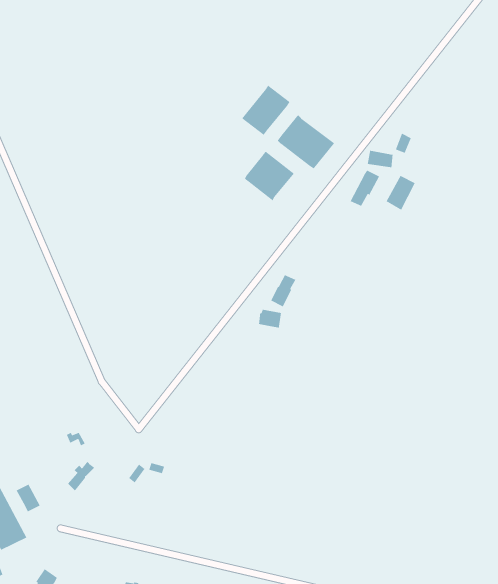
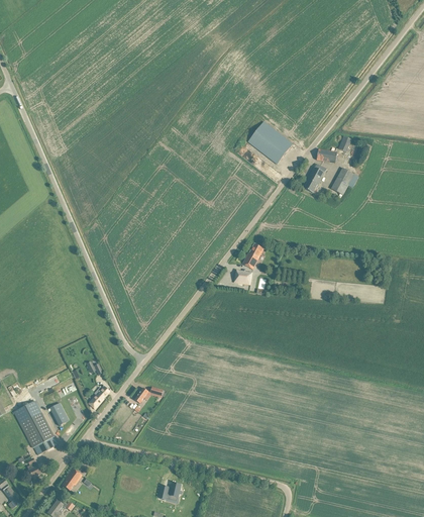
building: [241,84,290,136] -> none
building: [244,151,295,201] -> none

